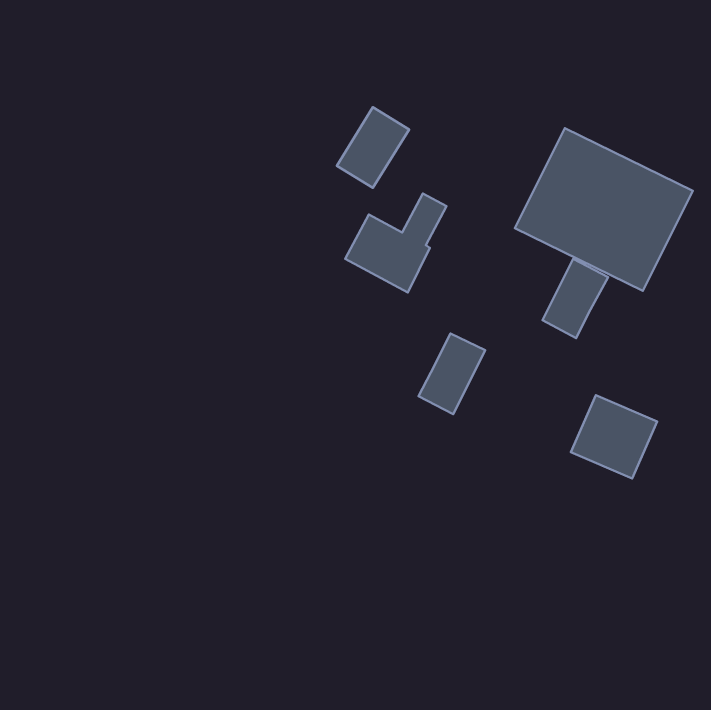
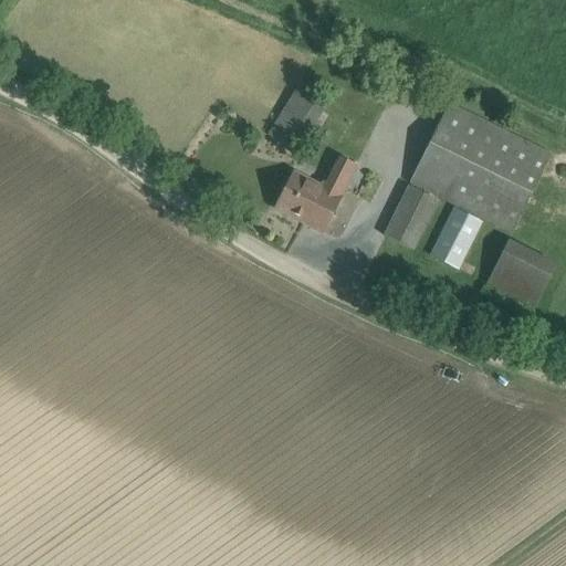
building: [418,334,485,414] -> [385,185,438,249]
building: [571,395,657,479] -> [484,238,553,304]

